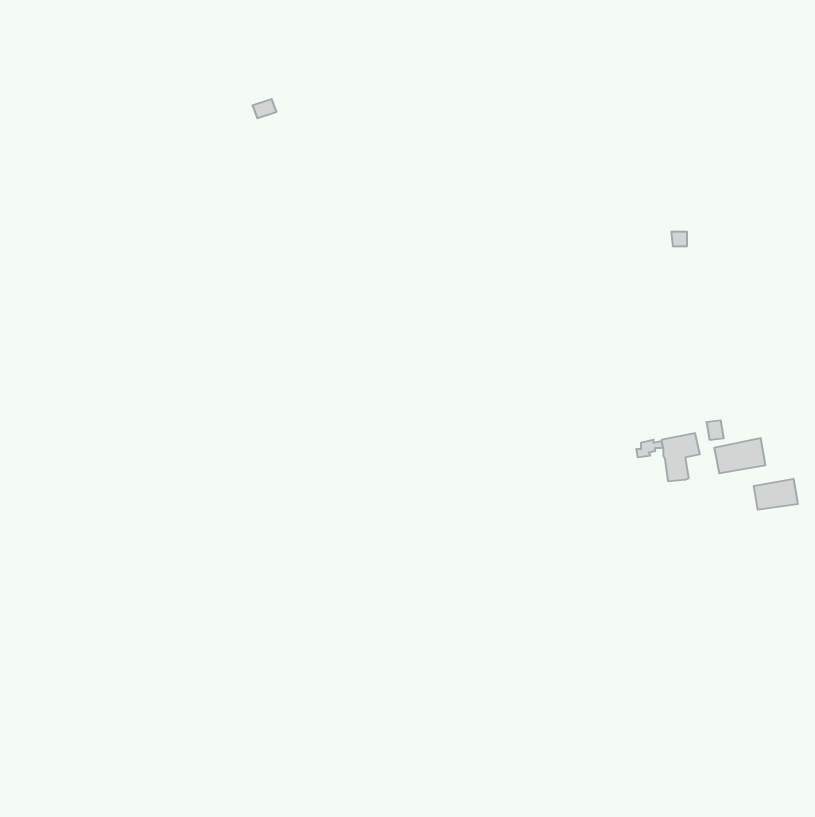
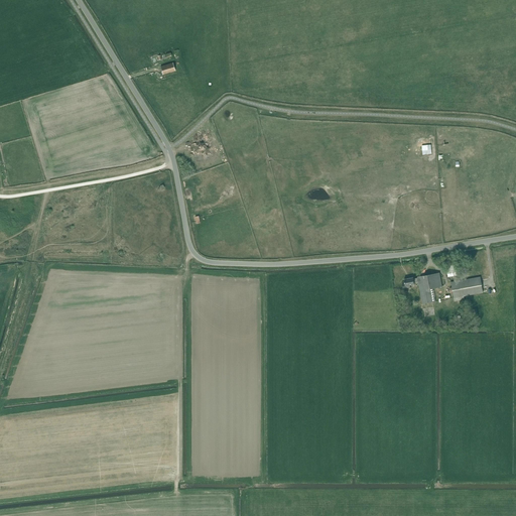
building: [754,479,798,510] -> none

